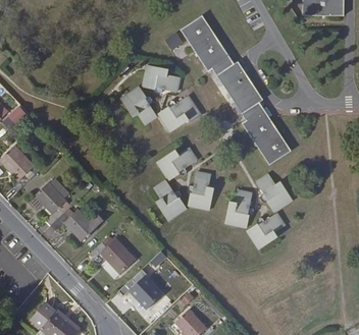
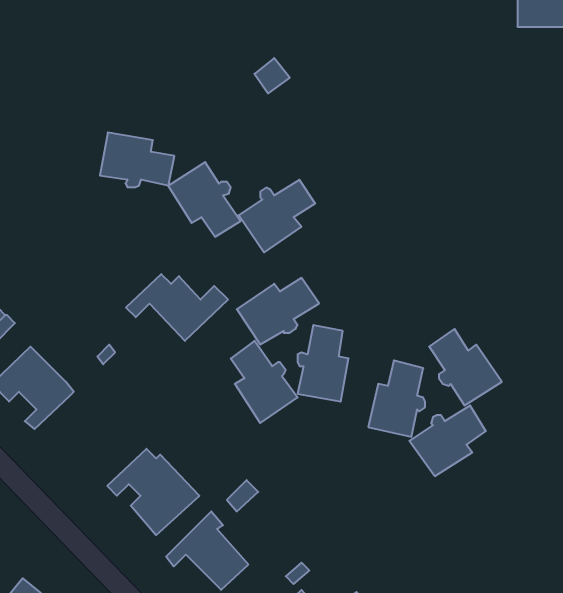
building: [180,14,291,165] -> none
building: [142,64,181,93] -> [100,132,174,187]
building: [51,207,104,241] -> [126,274,228,341]

